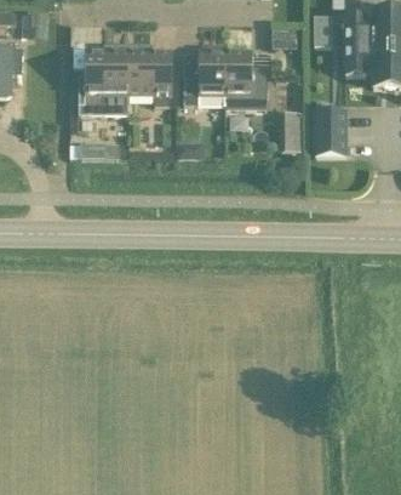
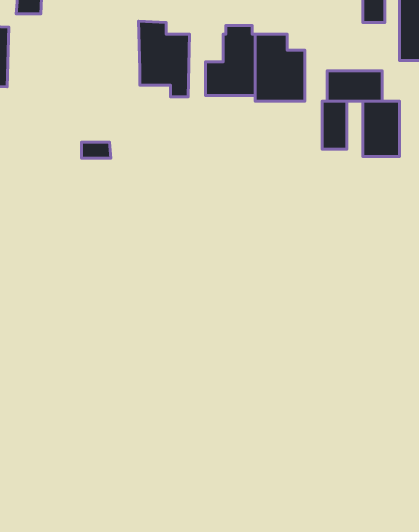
building: [79,41,128,113] -> none
building: none -> [327,71,382,101]

